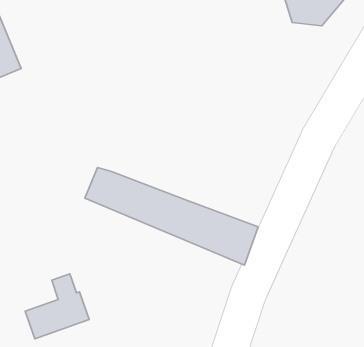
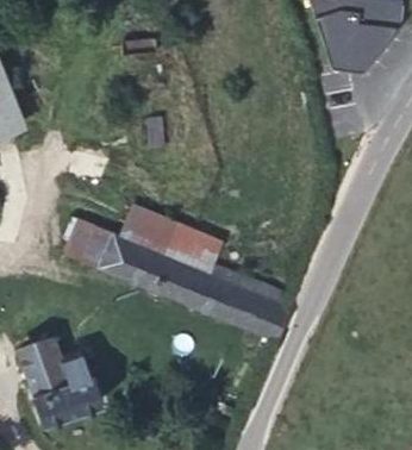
building: none -> [126,210,217,268]
building: none -> [62,218,111,267]
building: none -> [15,340,67,393]

